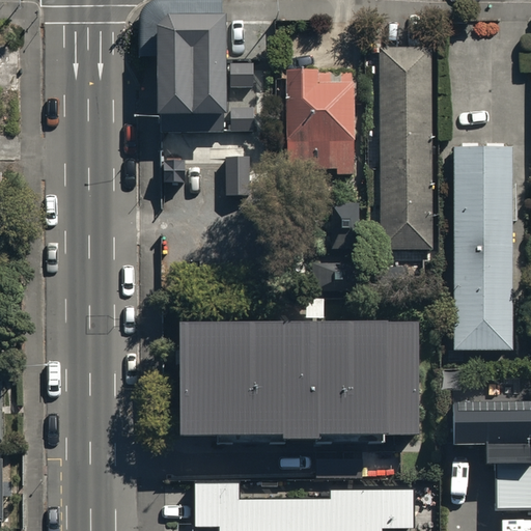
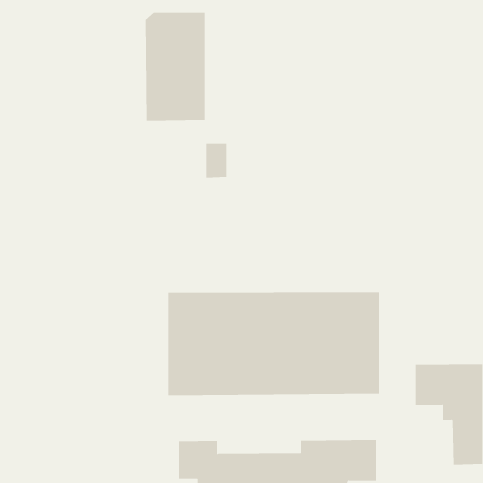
building: [380,49,434,249] -> none
building: [284,68,353,176] -> none
building: [453,150,512,350] -> none

